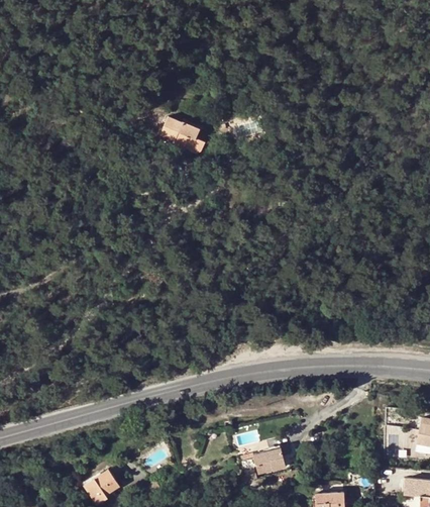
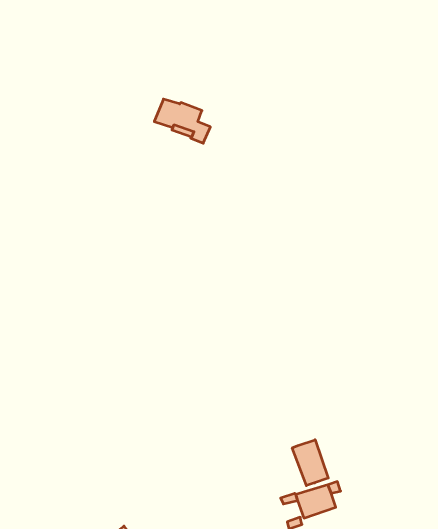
building: none -> [292,440,328,486]

